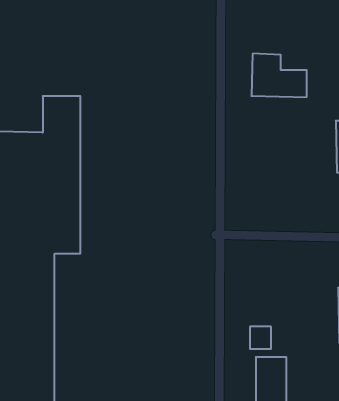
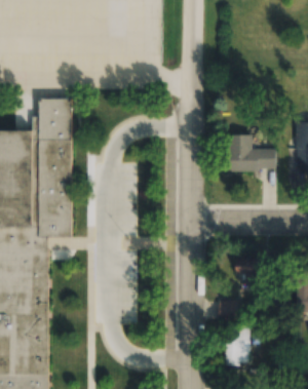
building: [251,54,307,97] -> [228,135,276,173]
building: none -> [234,260,265,288]

